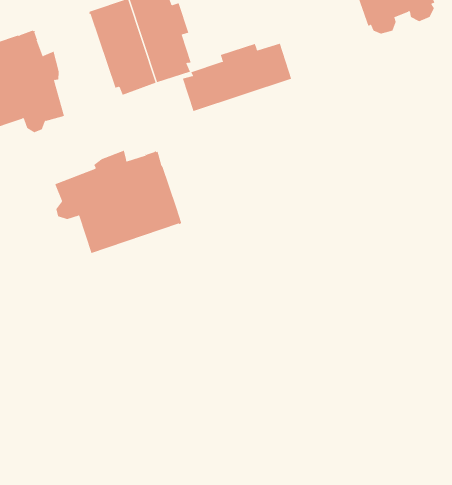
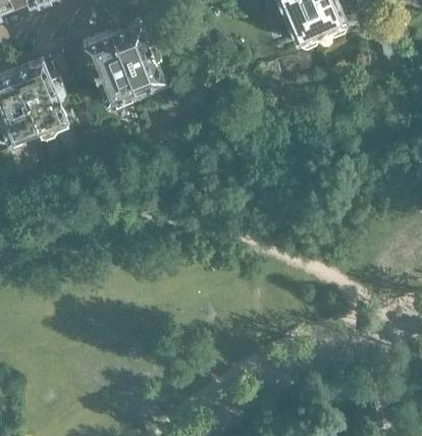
building: [182,43,292,112] -> none
building: [54,150,182,254] -> none

